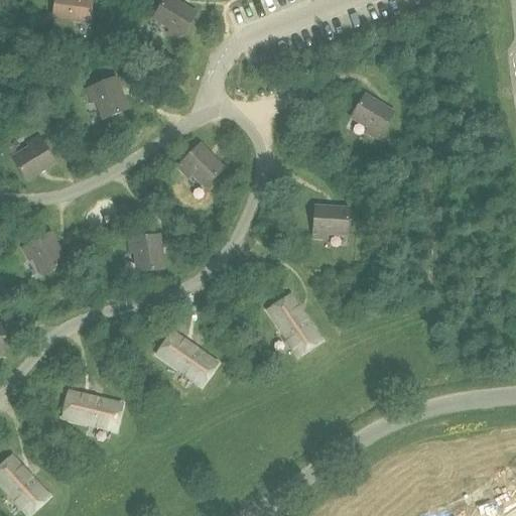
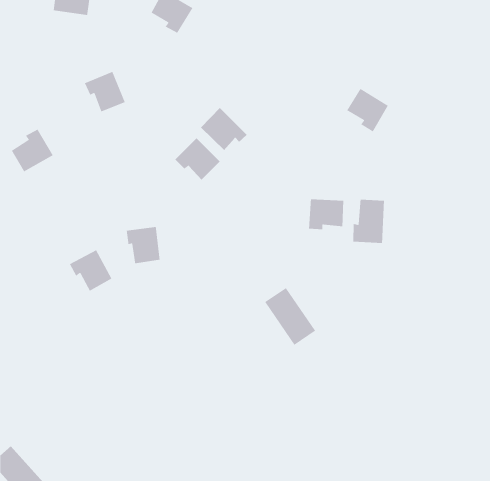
building: none -> [200,107,248,151]
building: none -> [352,199,385,244]
building: [22,231,67,274] -> [69,249,113,292]
building: [157,331,217,384] -> none
building: [62,390,121,429] -> none

